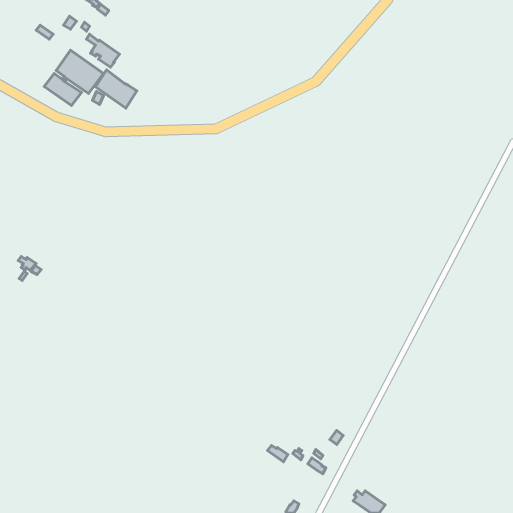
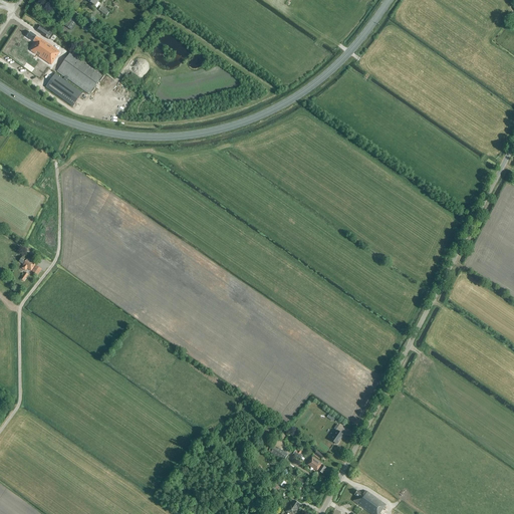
building: [86,34,120,67] -> [26,31,59,64]
building: [95,70,137,108] -> none

